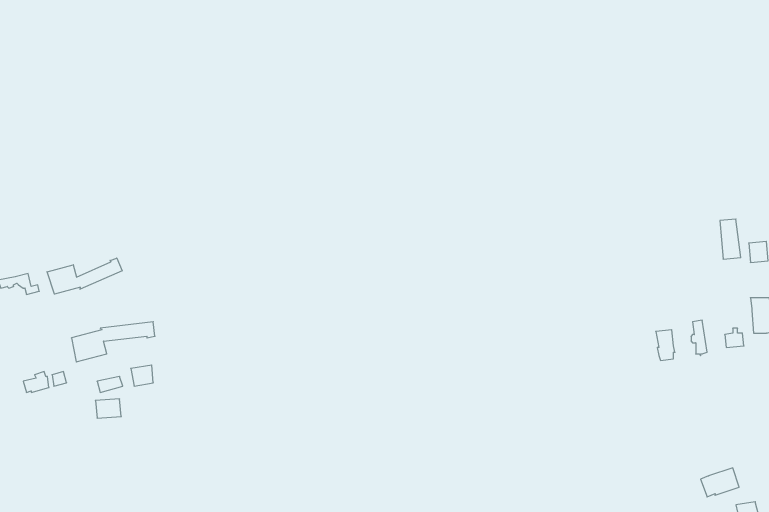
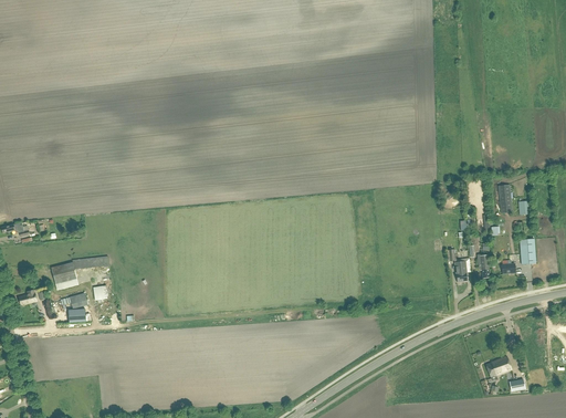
building: [47,258,122,294] -> none

